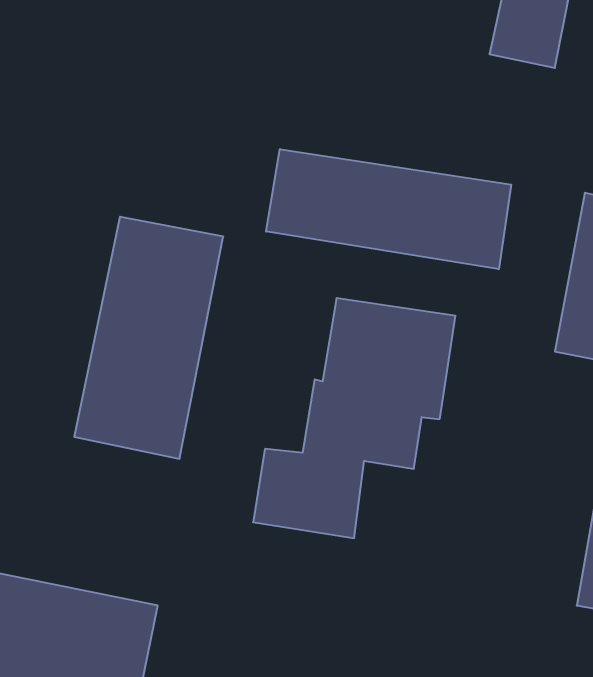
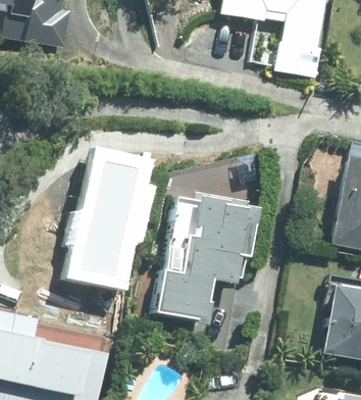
building: [266,149,511,269] -> none

